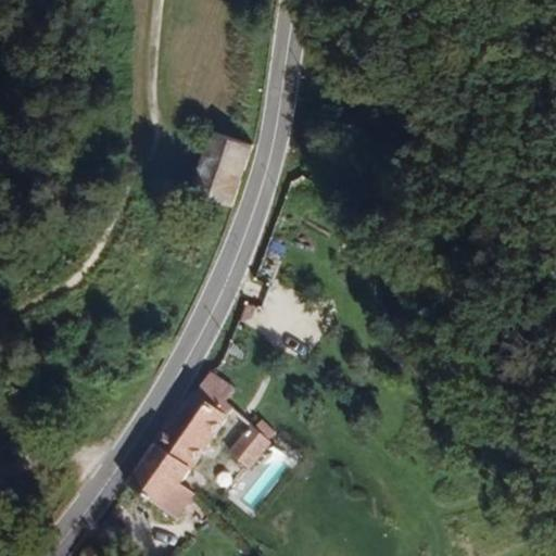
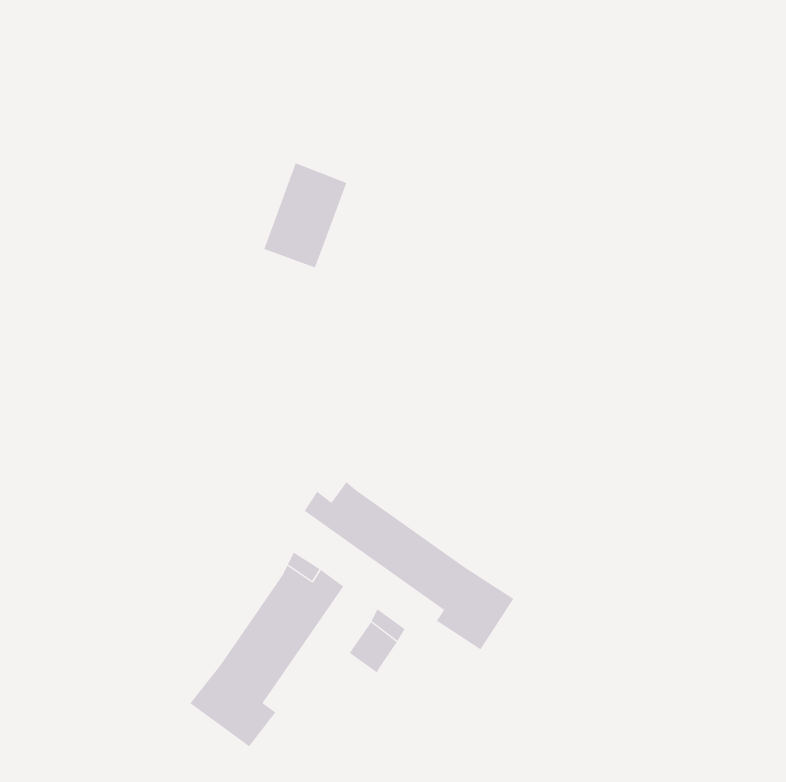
building: none -> [304,481,514,650]

